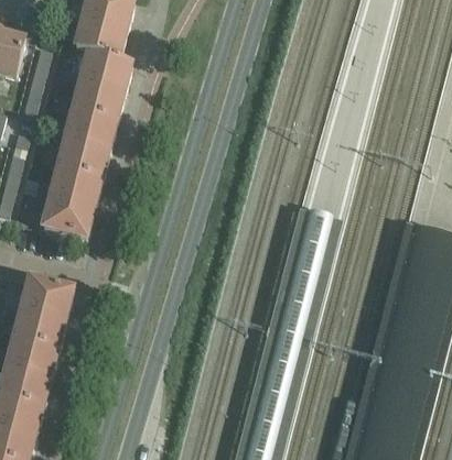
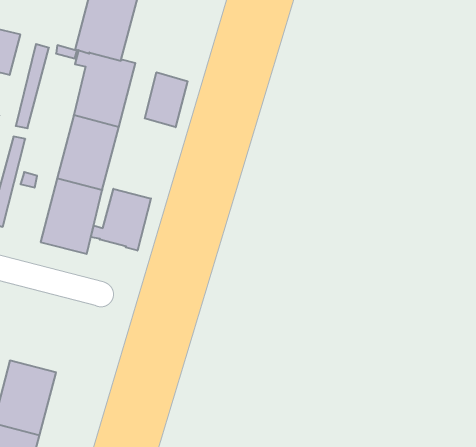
building: none -> [145,72,188,127]
building: none -> [91,189,151,251]
building: [13,278,71,349] -> none

